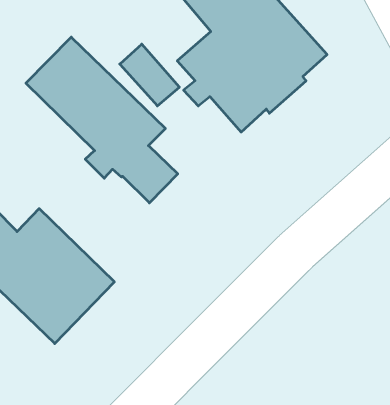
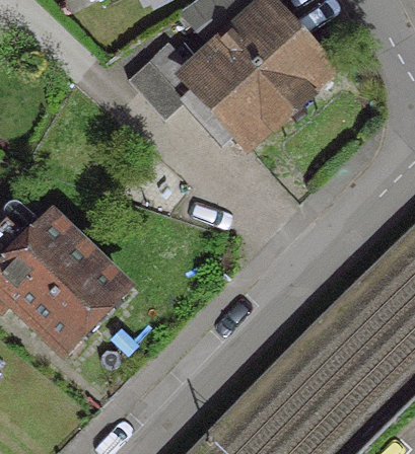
building: [26,37,178,203] -> none

